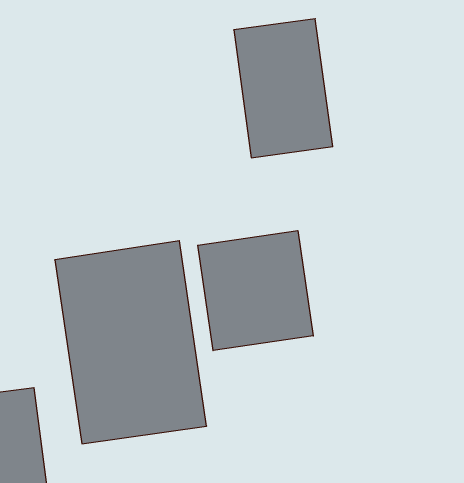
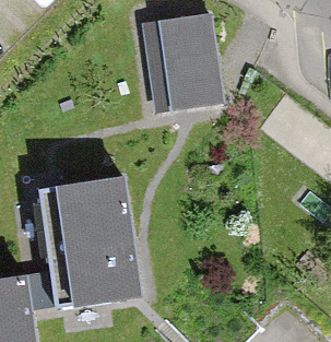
building: [198,231,313,351] -> none

